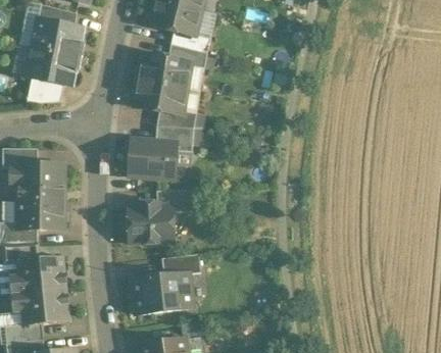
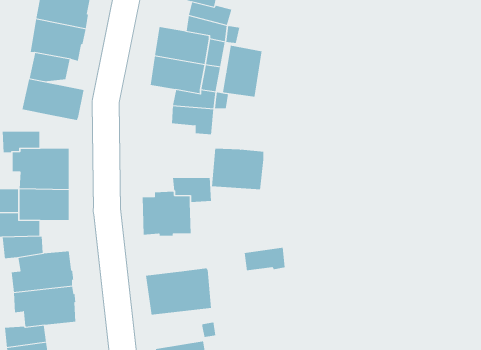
building: none -> [222,45,262,97]
building: none -> [22,79,84,121]
building: [129,141,177,179] -> [211,148,264,190]
building: [162,254,200,275] -> [244,247,286,271]

